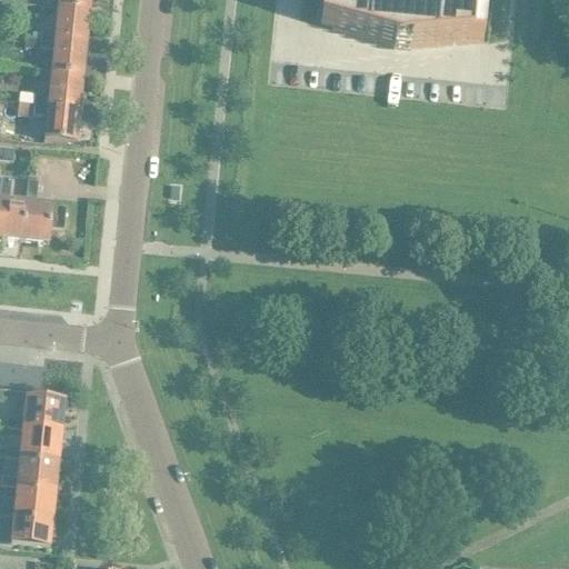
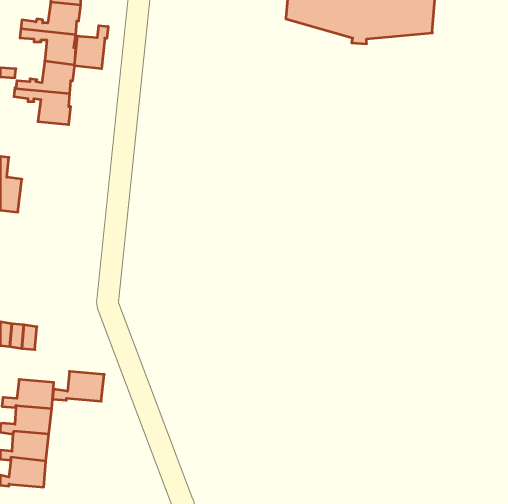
building: none -> [75,26,108,69]
building: [21,177,66,240] -> none
building: [7,393,64,427] -> [52,371,104,401]

